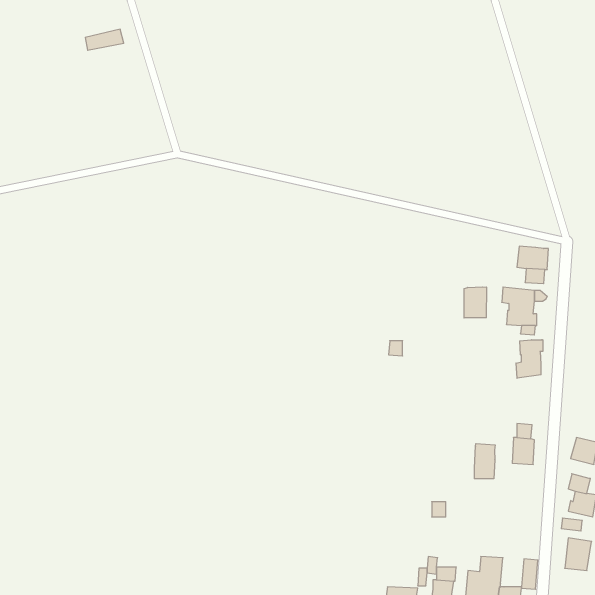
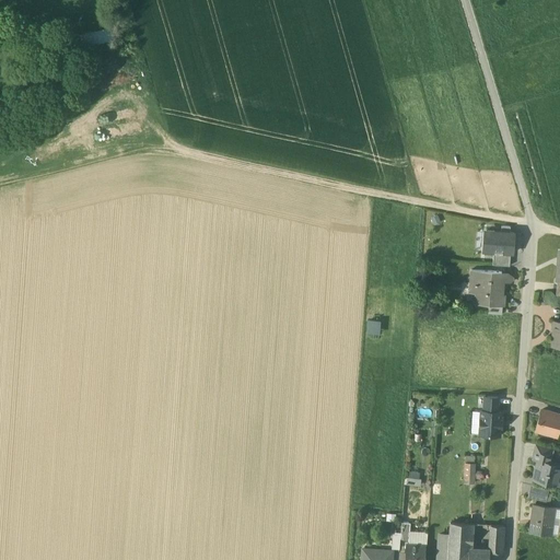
building: [464,287,486,318] -> none
building: [516,340,543,378] -> none
building: [474,444,495,479] -> none

